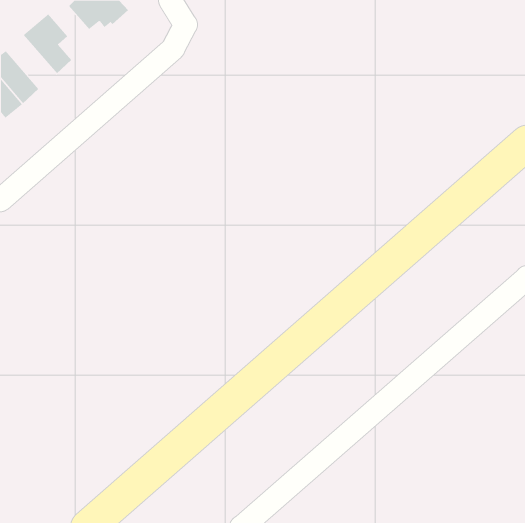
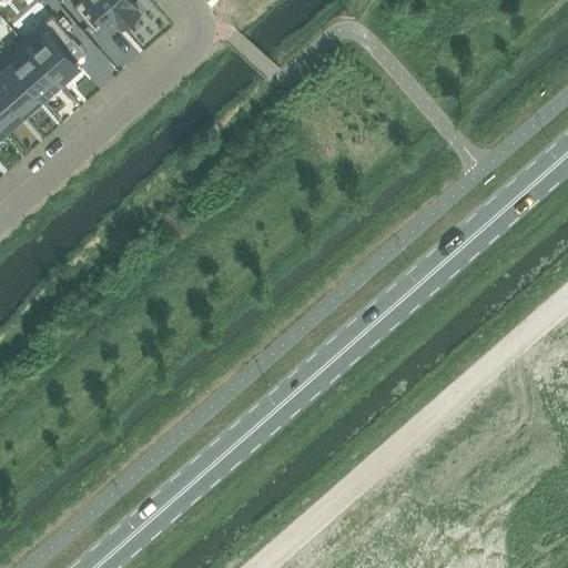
building: none -> [9,42,63,100]

